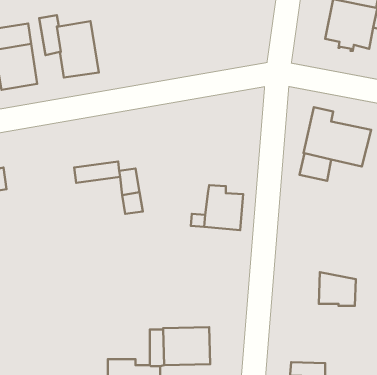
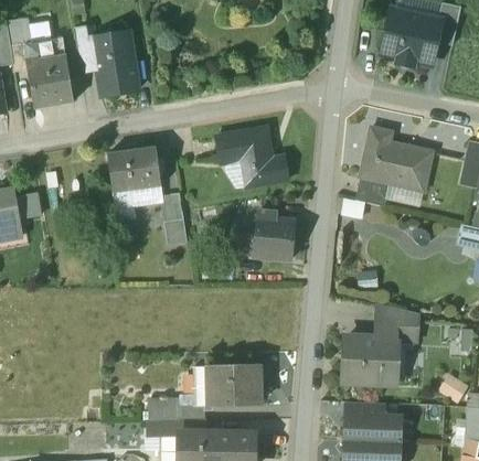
building: none -> [215,128,287,187]
building: none -> [107,147,161,192]
building: none -> [343,337,397,383]

